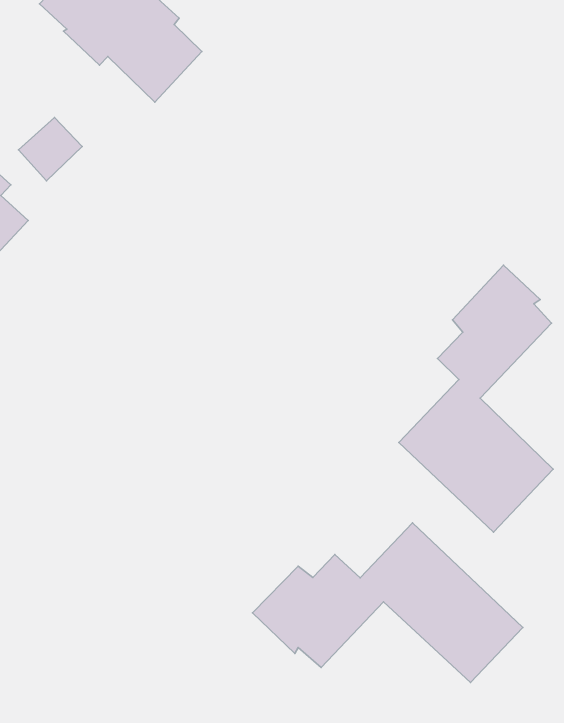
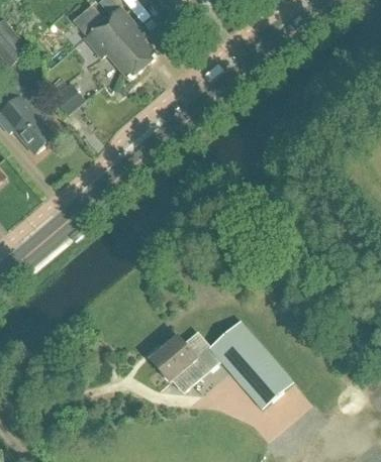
building: [399,265,553,532] -> none

